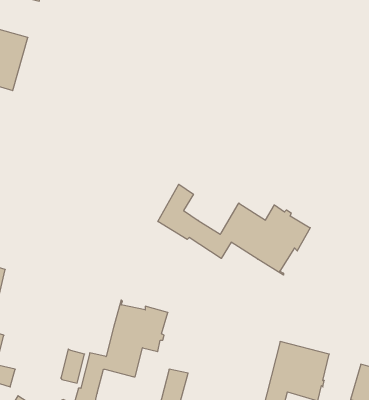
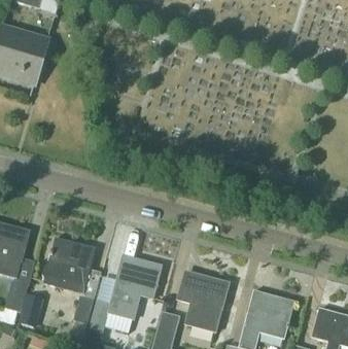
building: [158,184,310,275] -> none
building: none -> [42,238,95,292]
building: none -> [178,272,228,330]

